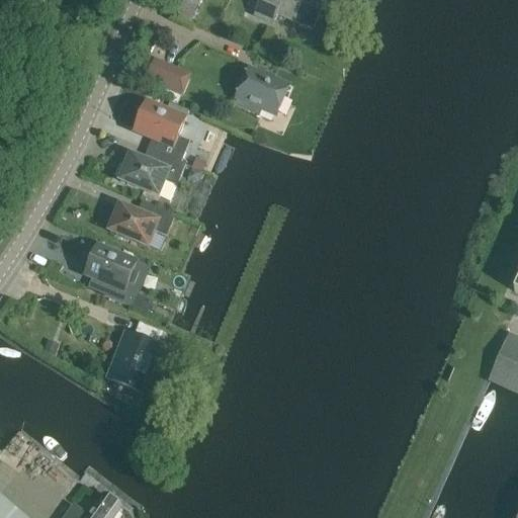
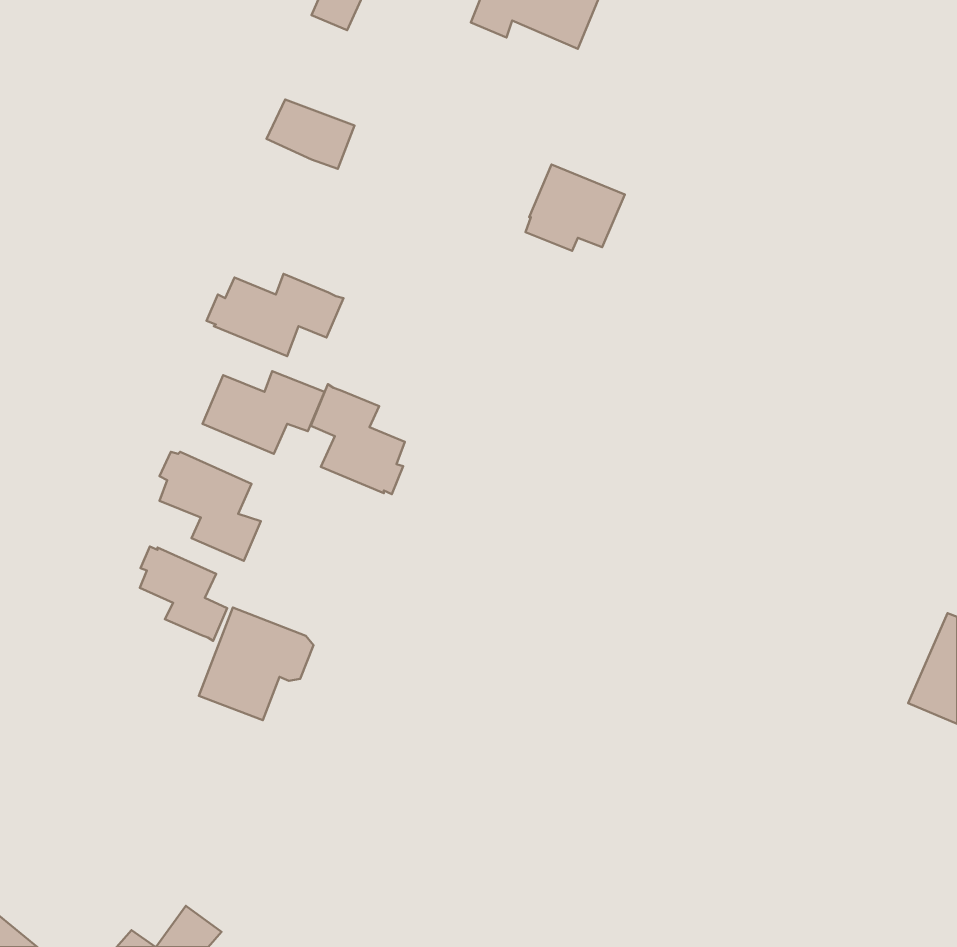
building: [234,66,287,112] -> [525,165,625,251]
building: [136,102,190,160] -> none
building: none -> [311,384,405,494]
building: none -> [140,546,227,641]

